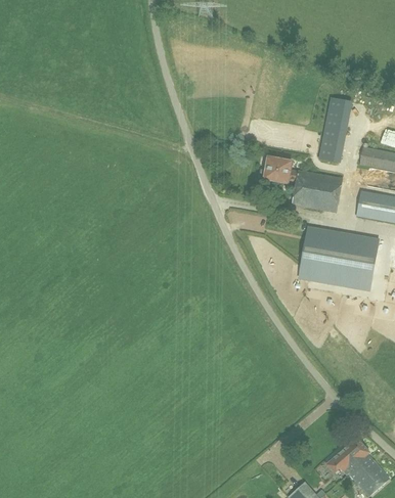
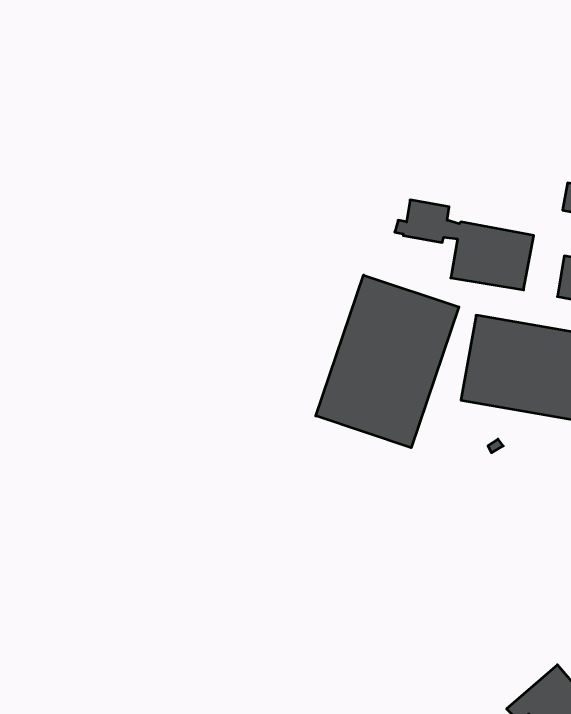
building: [317,97,350,163] -> none
building: none -> [316,275,459,448]

